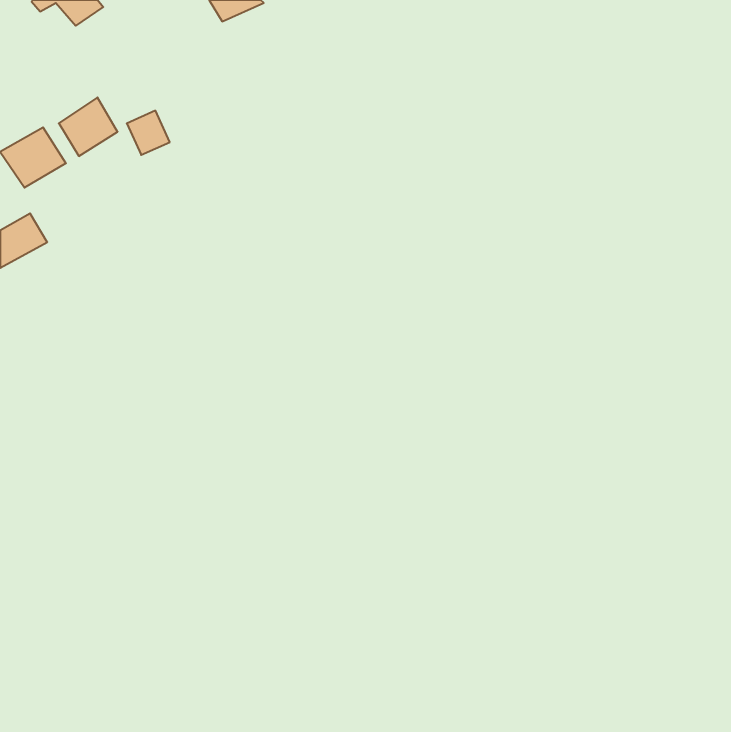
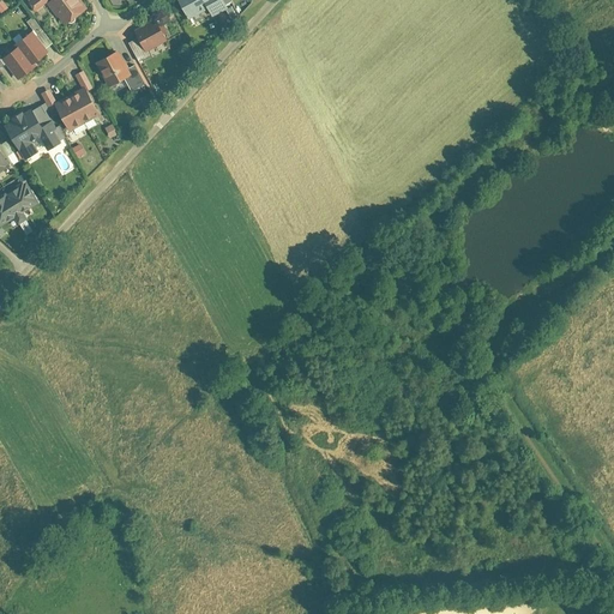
building: none -> [134,18,171,52]
building: none -> [6,32,48,77]
building: [127,111,170,155] -> [95,49,131,86]

